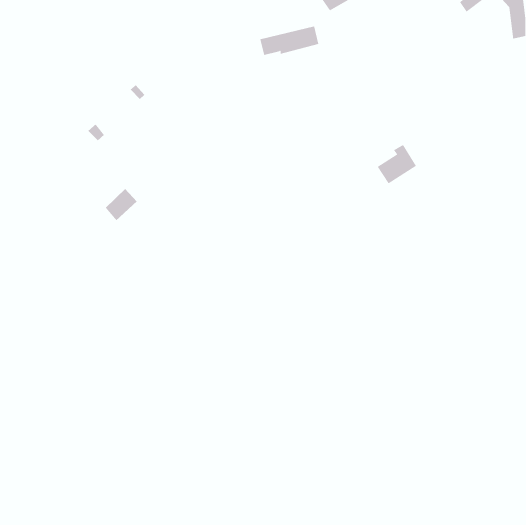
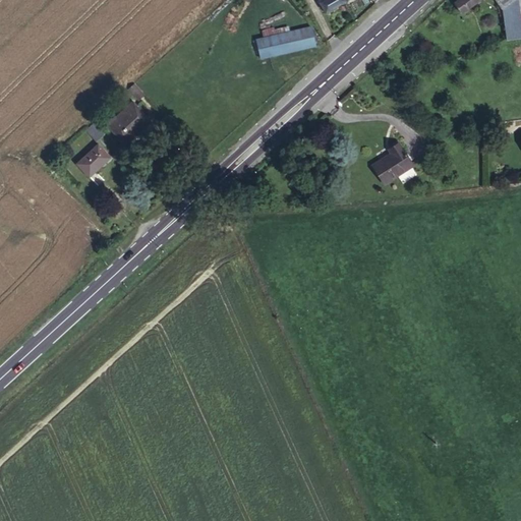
building: none -> [109,102,151,142]
building: [105,188,138,221] -> [77,143,110,176]

